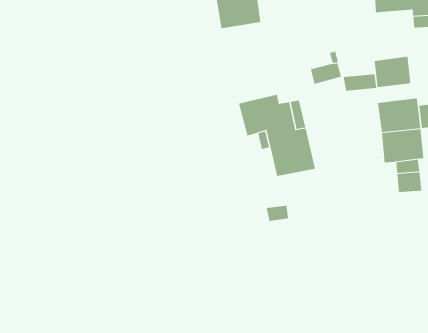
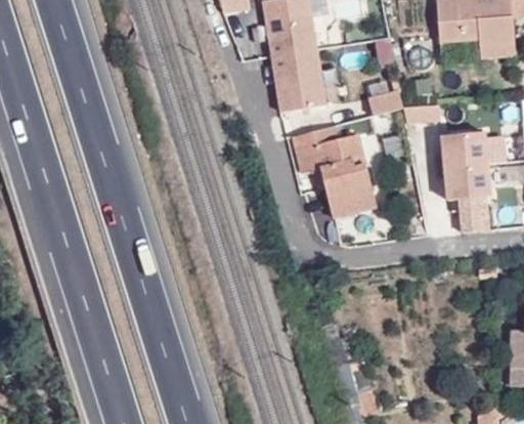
building: none -> [273,50,325,113]
building: [374,56,411,88] -> none

